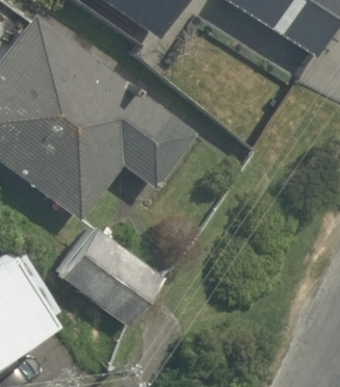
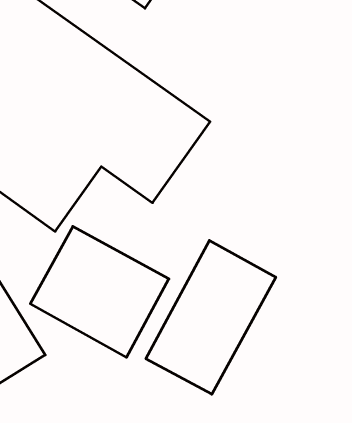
building: none -> [146,240,276,394]

